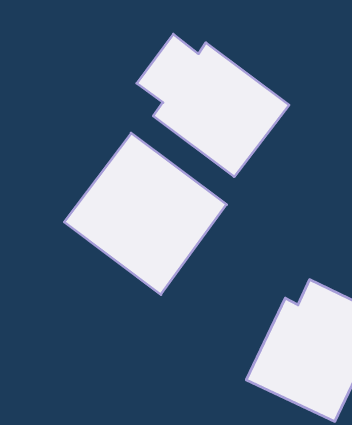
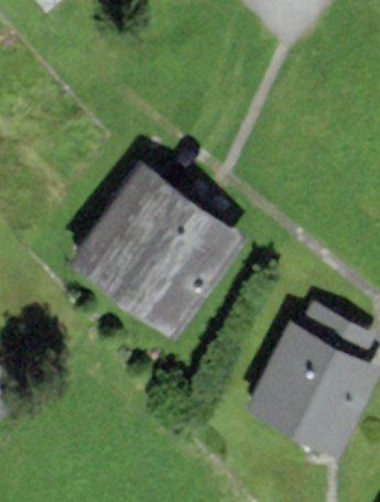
building: [137,34,289,177] -> none

